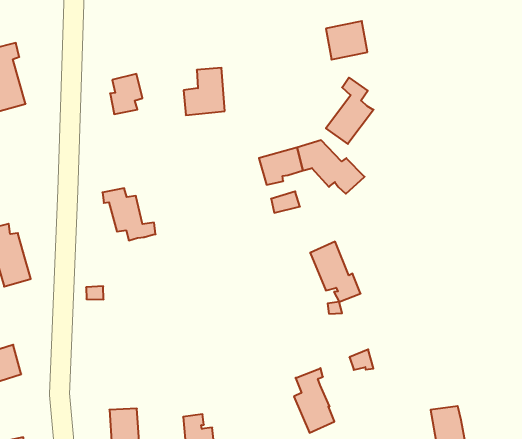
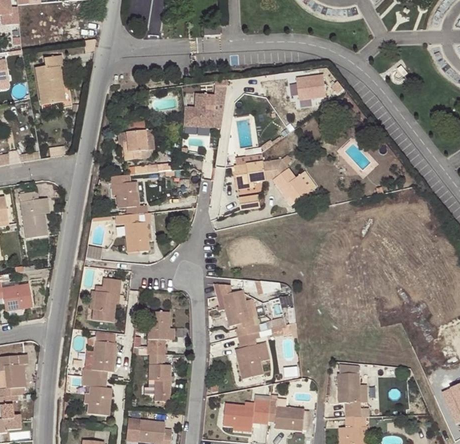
building: [110,74,142,114] -> [123,131,147,159]
building: [326,78,374,144] -> none
building: none -> [115,214,149,252]
building: [310,242,361,302] -> [222,290,256,336]
building: none -> [92,278,117,322]
building: none -> [147,312,169,354]

